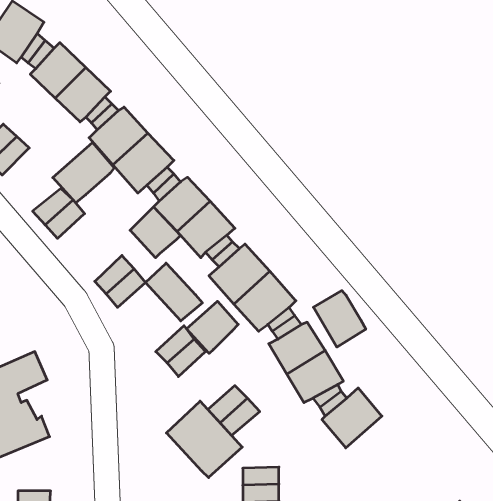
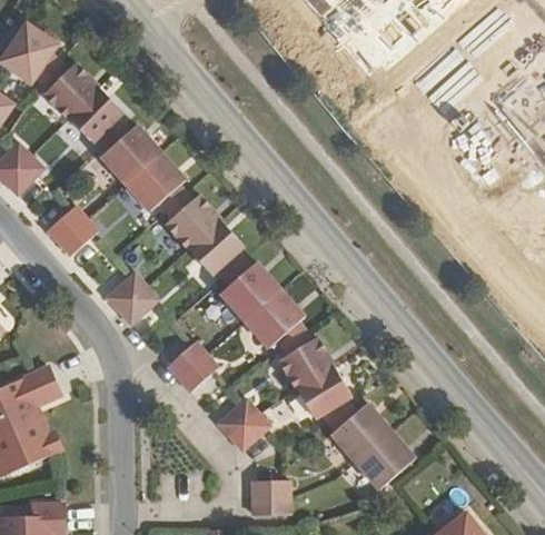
building: [53,143,114,203] -> none
building: [130,207,180,258] -> none
building: [146,263,202,321] -> none
building: [313,291,366,347] -> none
building: [186,301,238,353] -> none
building: [166,401,242,478] -> none
building: none -> [354,430,414,488]

